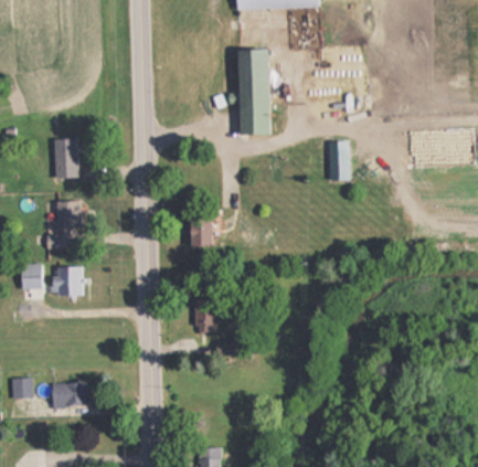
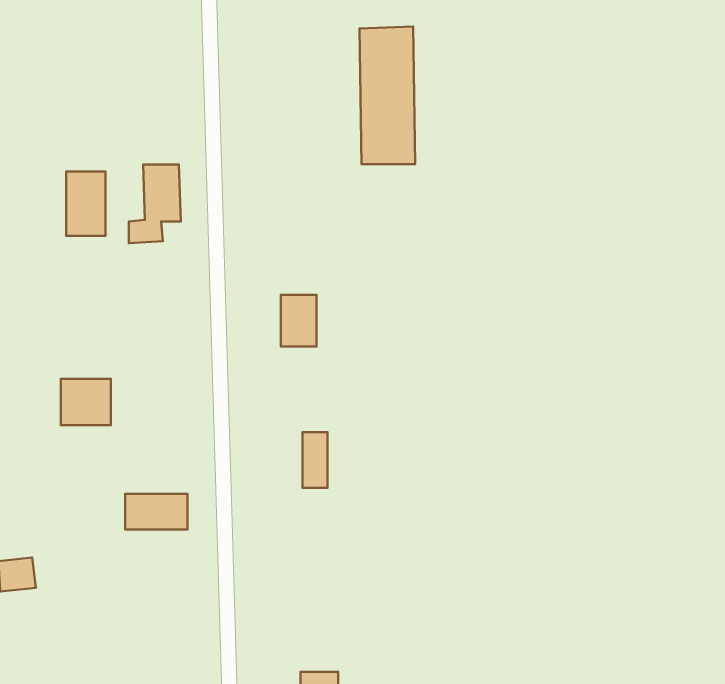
building: [330,141,349,180] -> none
building: [49,201,81,250] -> [129,164,181,243]
building: [21,265,44,289] -> none
building: [52,383,91,405] -> [125,494,188,530]

